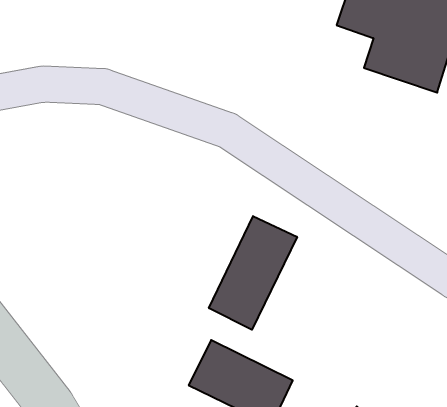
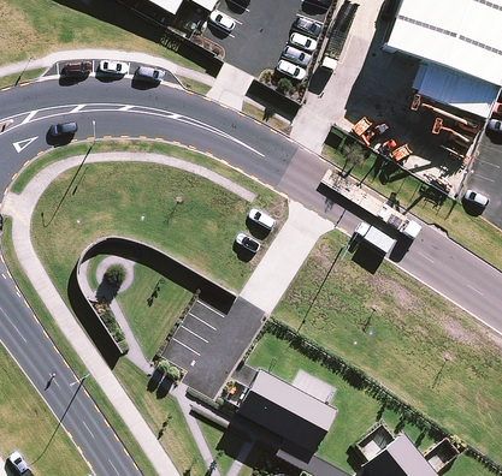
building: [209,216,297,330] -> none

